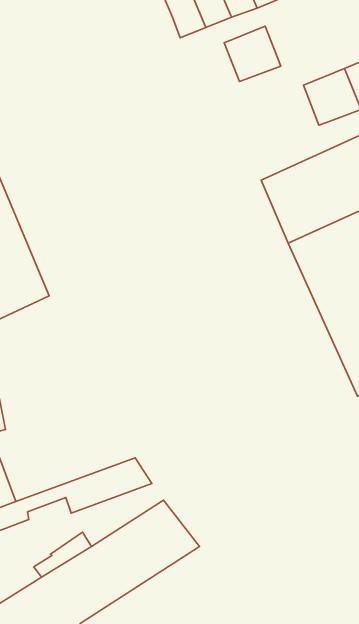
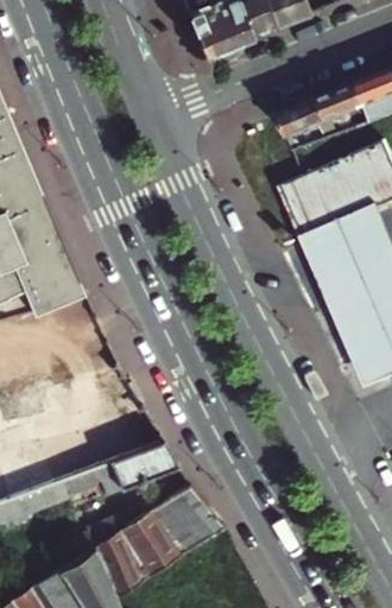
building: [224,26,281,82] -> [280,101,333,152]

